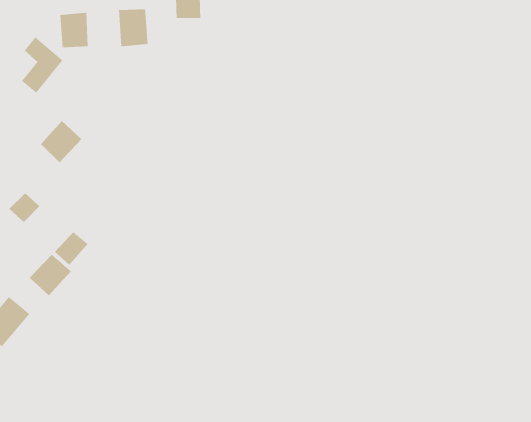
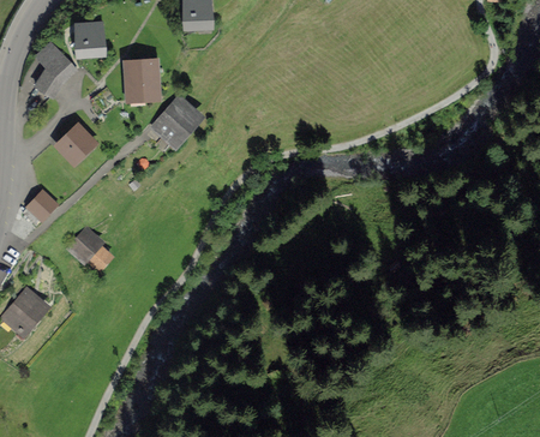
building: [118,9,148,47] -> [125,64,154,100]
building: none -> [150,97,199,146]
building: [29,254,72,296] -> none

